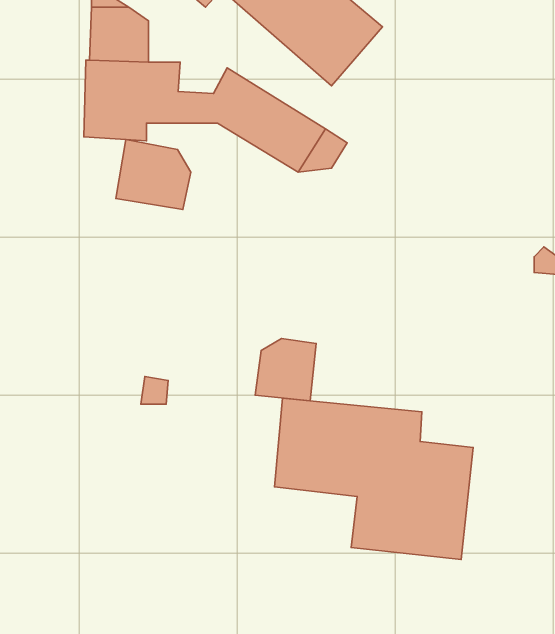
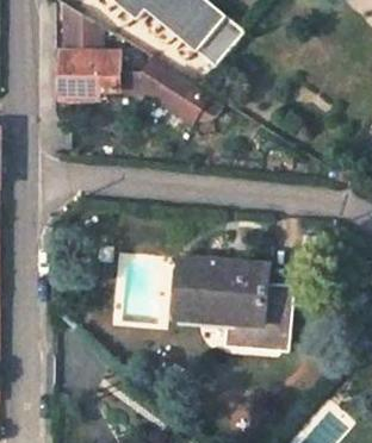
building: [116,139,191,209] -> none
building: [255,338,316,401] -> none

